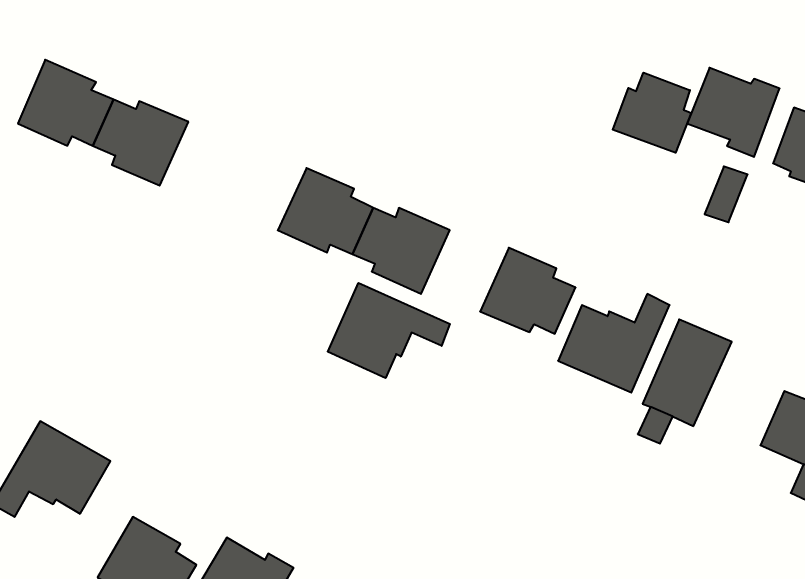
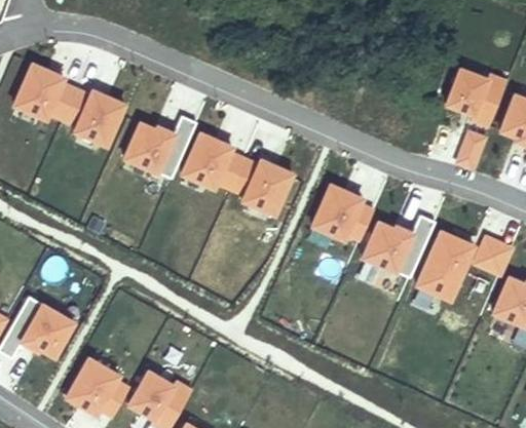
building: [613,73,691,153] -> none
building: none -> [124,115,196,178]
building: [328,283,450,378] -> none
building: none -> [475,236,512,273]

